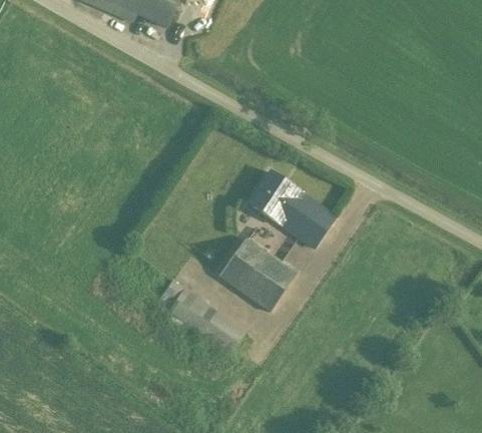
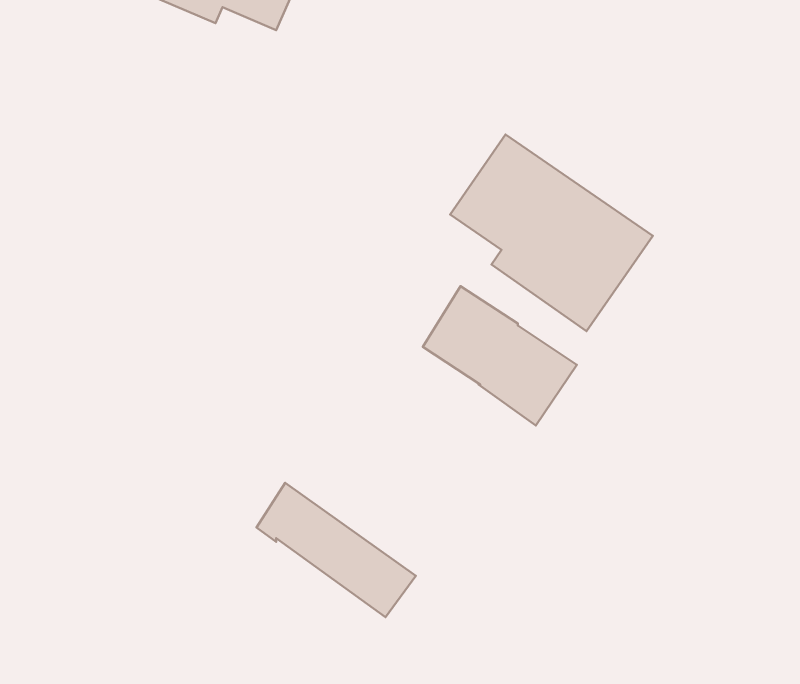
building: none -> [450,134,653,331]
building: [217,238,296,313] -> none

